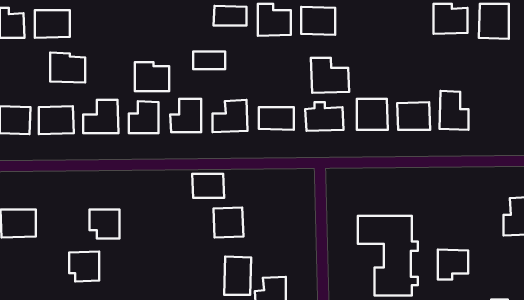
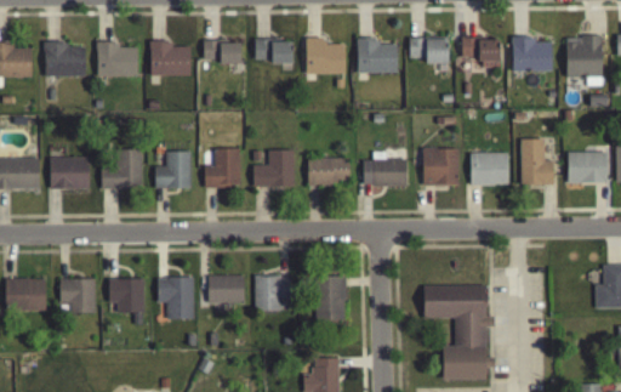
building: none -> [410,38,449,63]
building: none -> [462,38,501,68]
building: [193,51,225,69] -> [204,41,241,62]
building: [50,52,85,82] -> [97,41,138,76]
building: [311,58,349,93] -> none
building: [135,62,169,91] -> [150,41,190,75]
building: none -> [568,150,609,182]
building: [192,174,224,198] -> [207,274,245,302]
building: none -> [158,277,194,319]
building: [438,250,468,279] -> none
building: [69,252,99,282] -> [61,278,96,313]
building: [224,257,251,295] -> [315,275,347,320]

